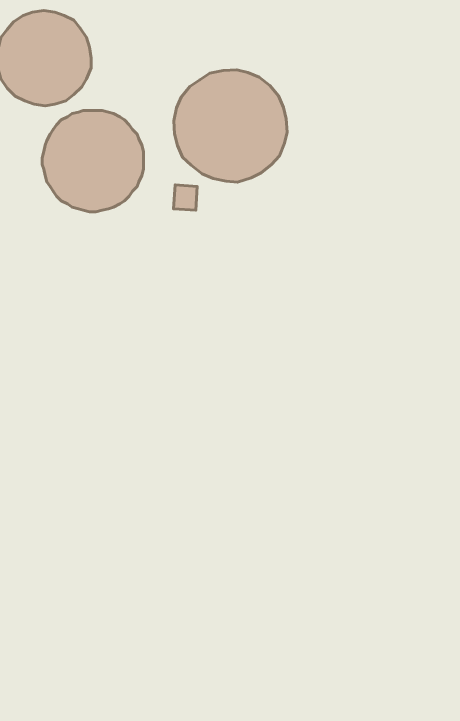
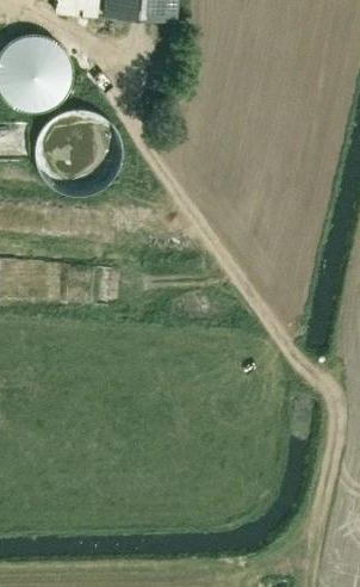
building: [174,70,287,182] -> none

